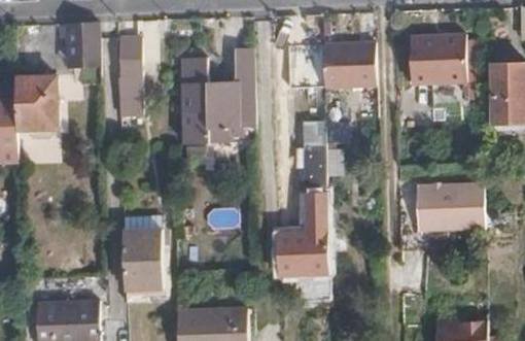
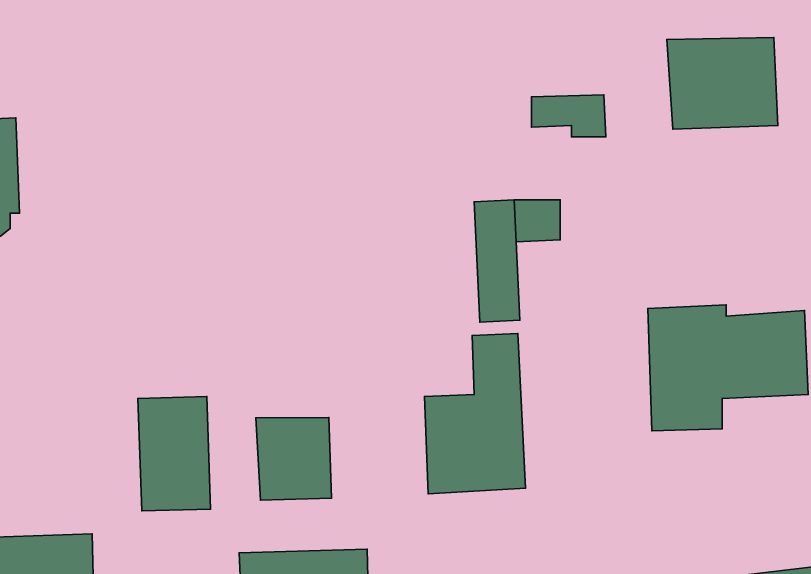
building: [64,22,100,59] -> none
building: [117,36,142,99] -> none
building: [322,42,374,88] -> none
building: [181,44,257,143] -> none
building: none -> [256,417,331,500]

